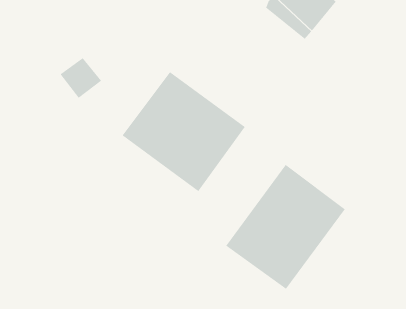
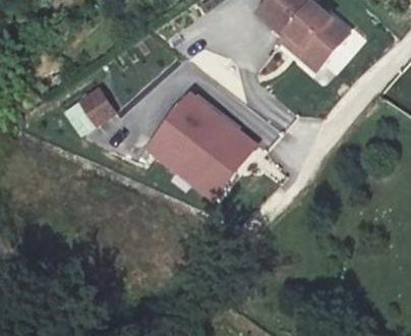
building: [225,164,346,290] -> none

